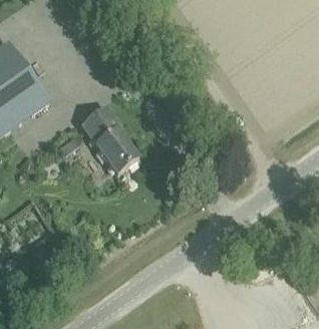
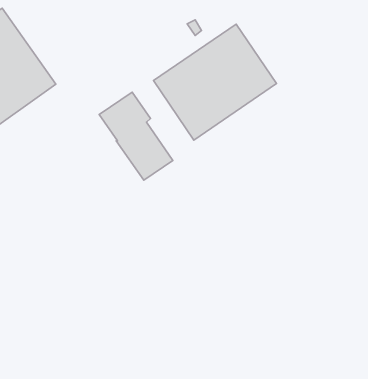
building: none -> [153,24,276,140]

